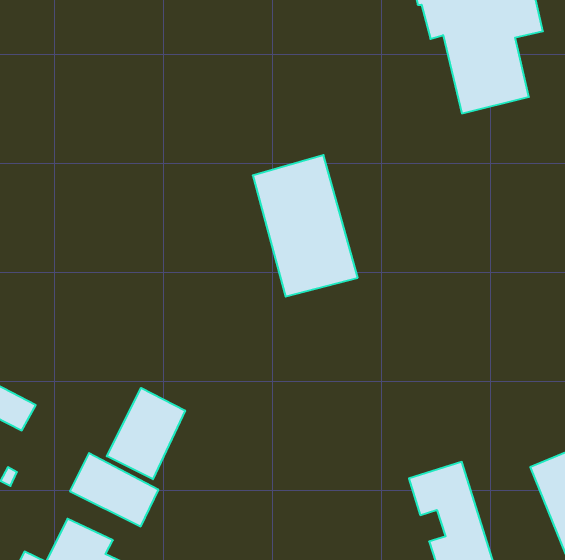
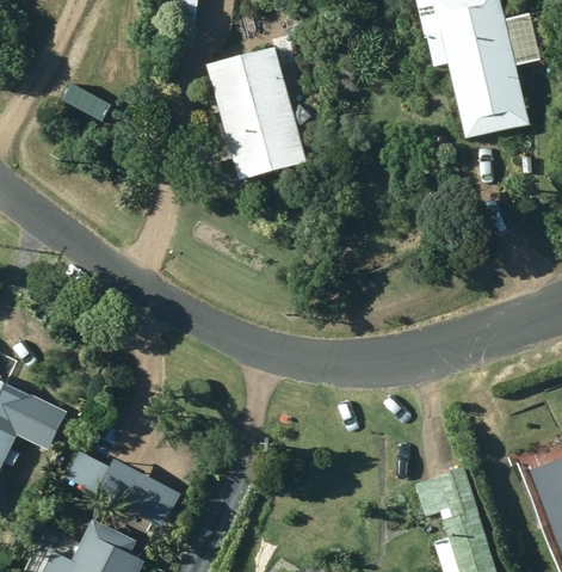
building: [253,155,358,297] -> [208,45,307,179]
building: [107,388,185,479] -> none

